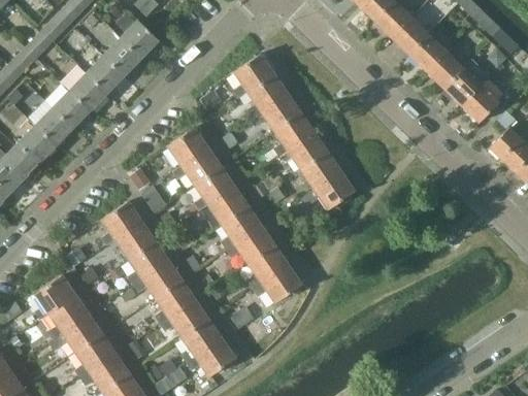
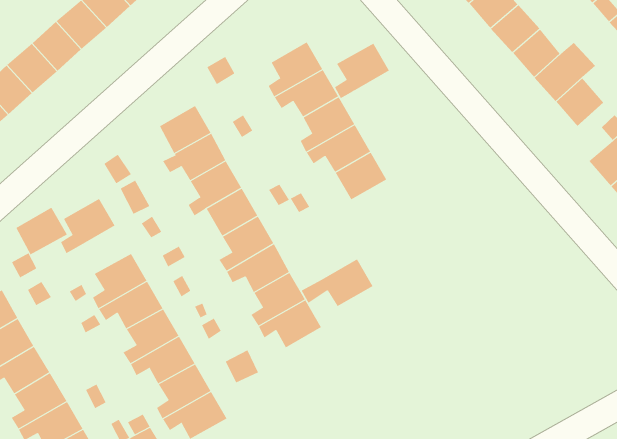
building: [234,54,274,97] -> [334,43,390,99]
building: [301,171,355,208] -> [301,259,373,307]
building: [117,221,156,258] -> [16,207,68,255]

